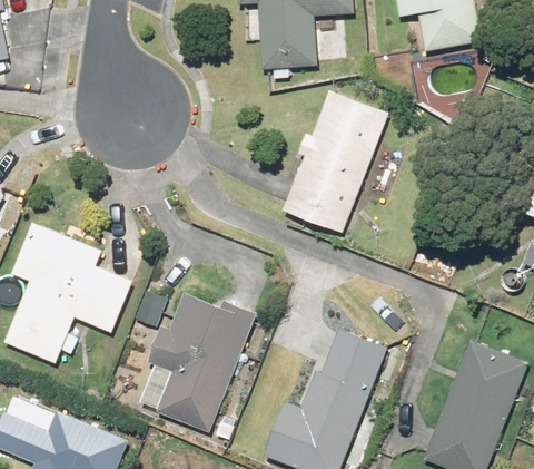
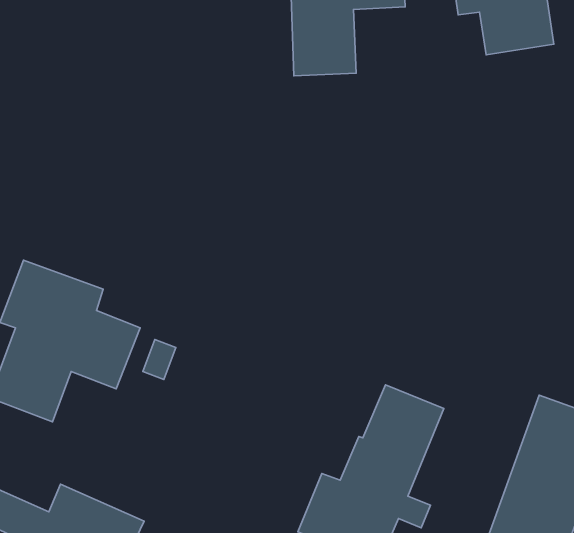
building: [284,91,392,234] -> none
building: [134,293,253,433] -> none

